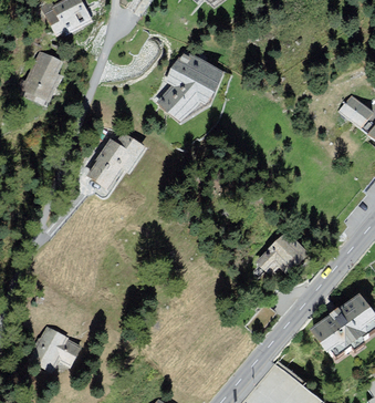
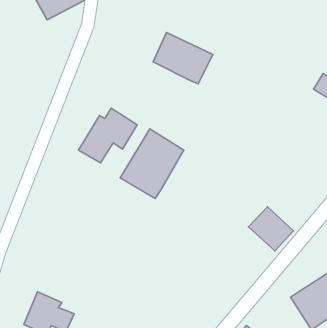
building: [28,51,66,99] -> none
building: [157,83,204,123] -> none
building: none -> [120,129,184,198]

